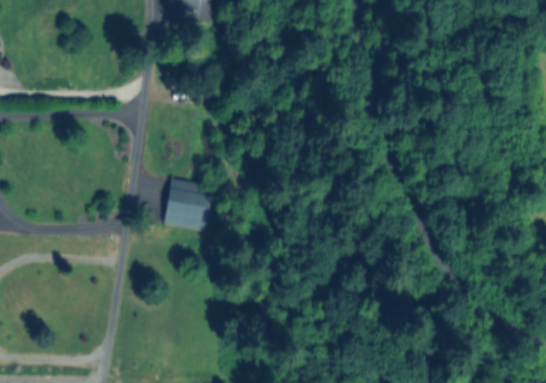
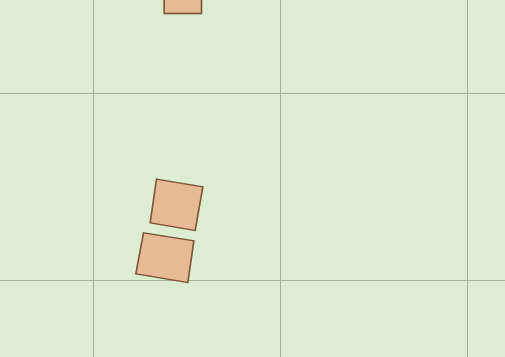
building: none -> [136,233,194,282]

